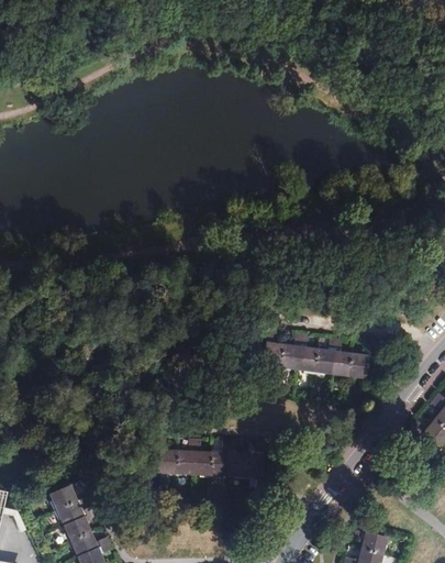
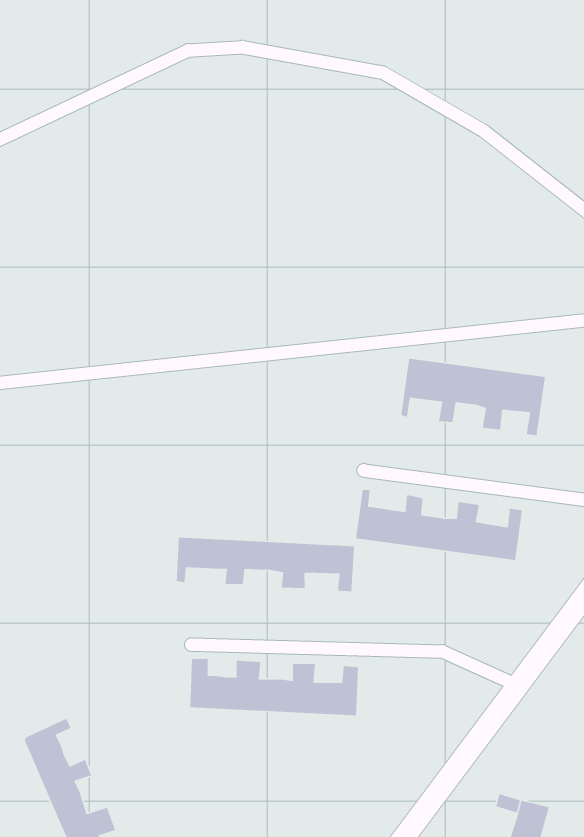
building: none -> [400,358,546,436]
building: none -> [176,537,355,592]

